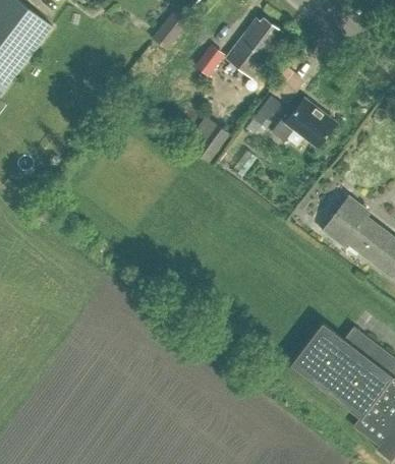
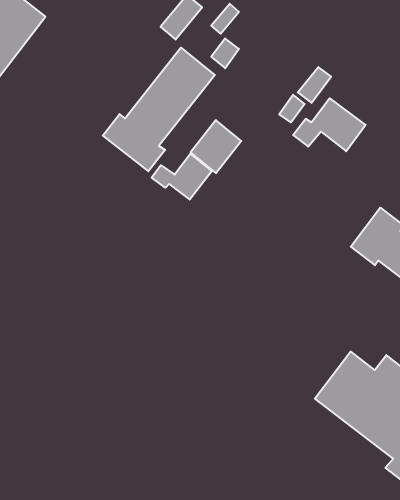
building: [222,20,281,81] -> none
building: none -> [103,48,215,171]
building: none -> [152,154,212,200]

